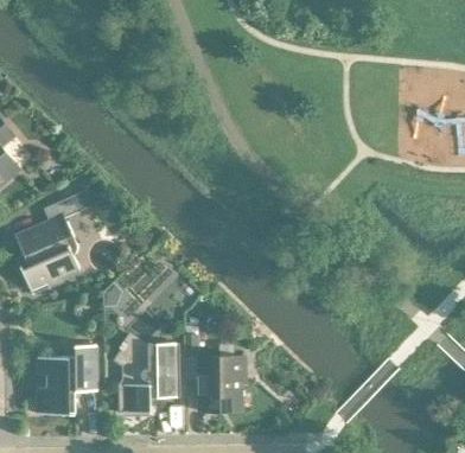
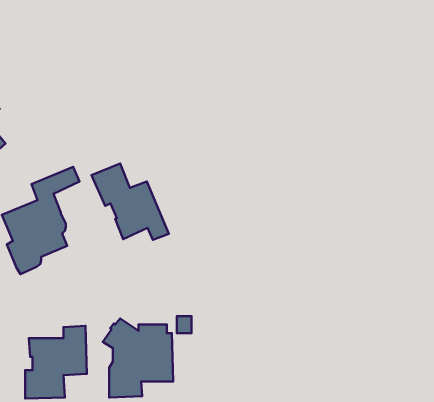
building: none -> [92,163,169,240]
building: [198,356,244,411] -> none

